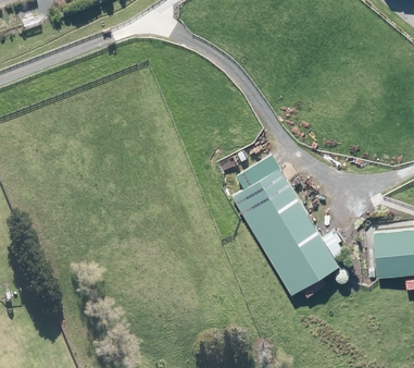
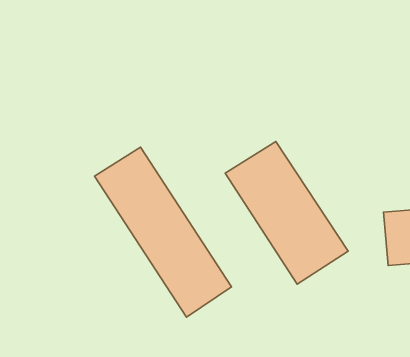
building: none -> [95,147,231,317]

